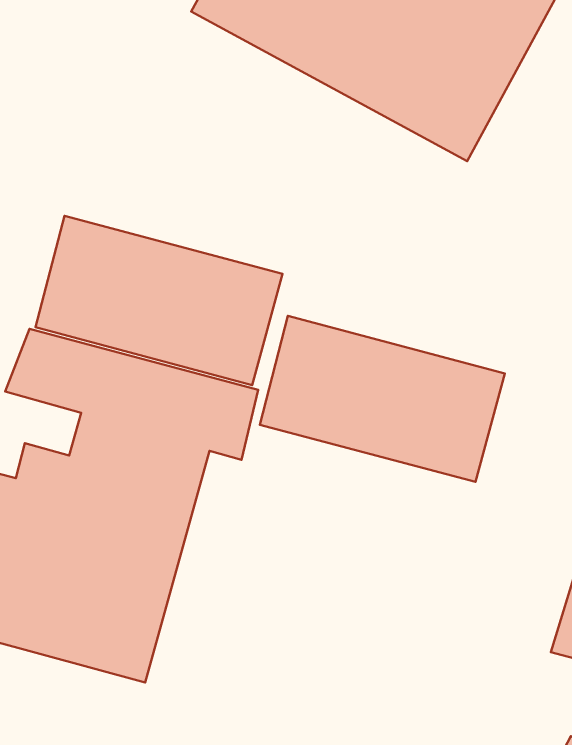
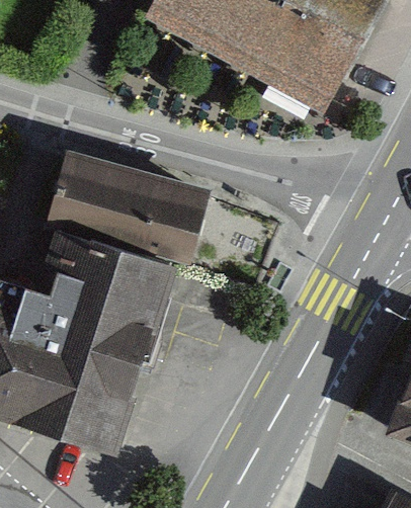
building: [260,316,505,482] -> none

